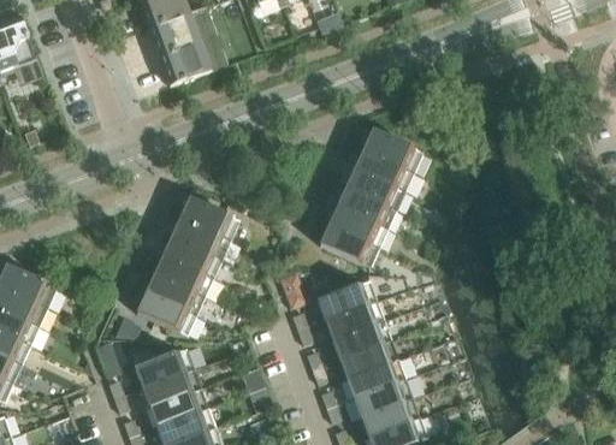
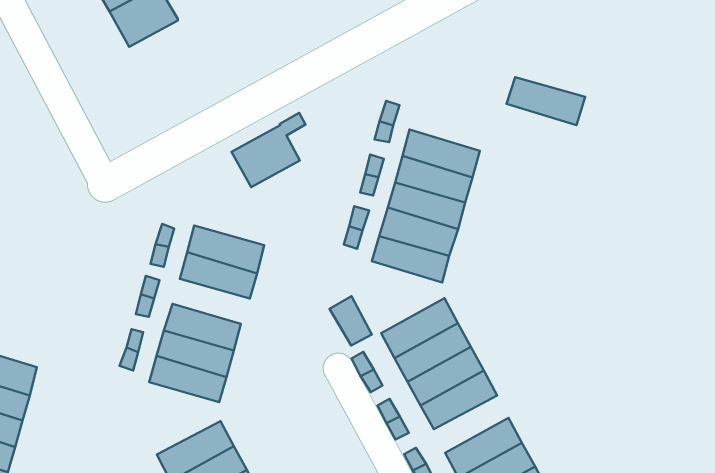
building: [160,34,219,84] -> [231,113,306,187]
building: [362,130,422,173] -> [506,77,585,125]
building: [164,236,223,277] -> none
building: [346,360,404,397] -> none

